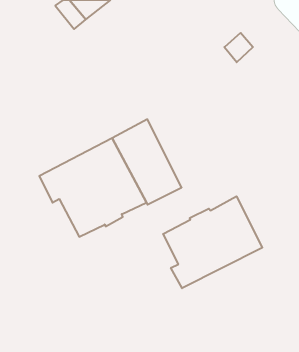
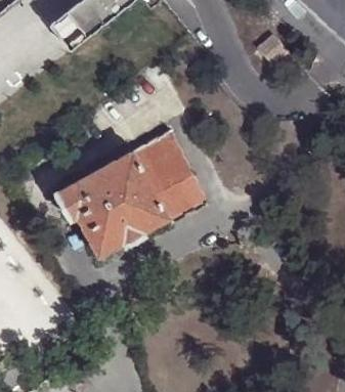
building: [163,196,262,288] -> none

